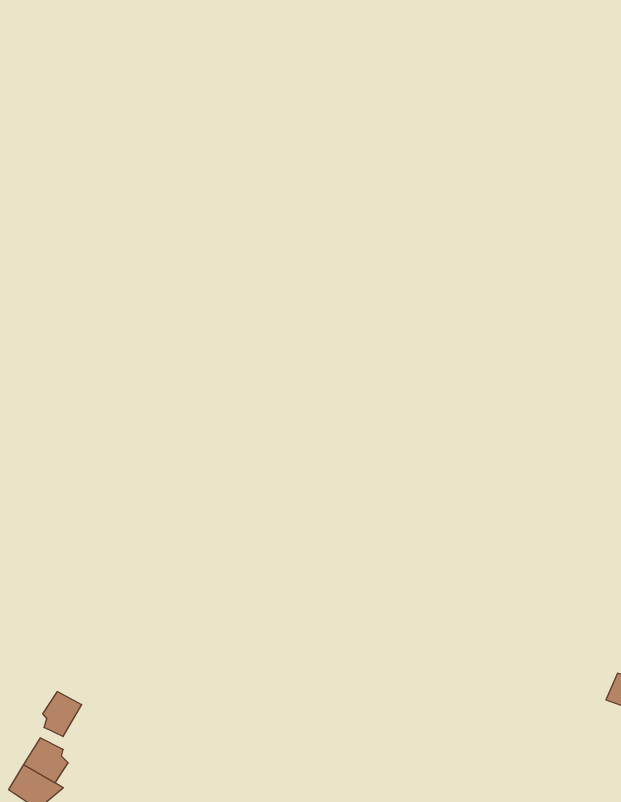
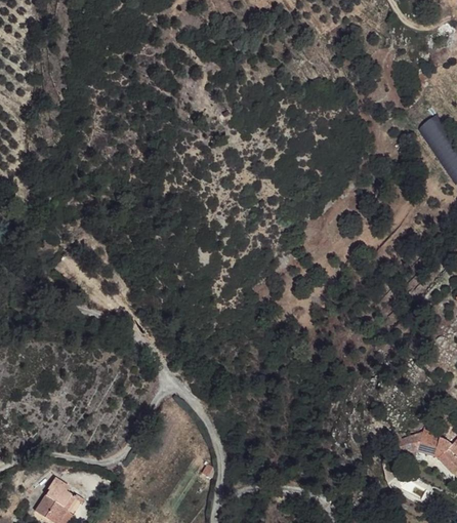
building: [43,692,82,737] -> none

